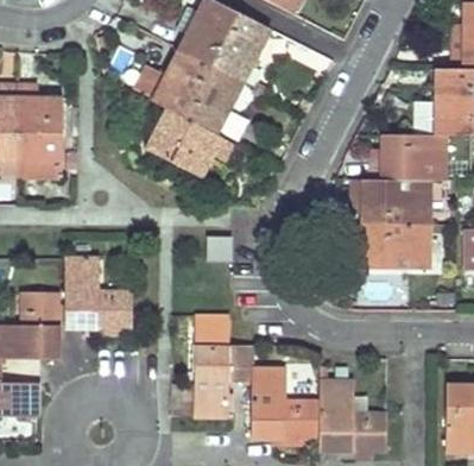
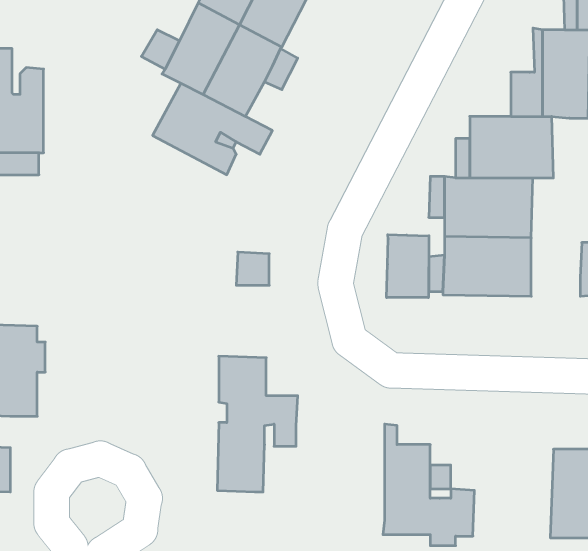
building: none -> [387,235,429,298]
building: [63,258,132,334] -> none
building: [251,366,318,445] -> none

